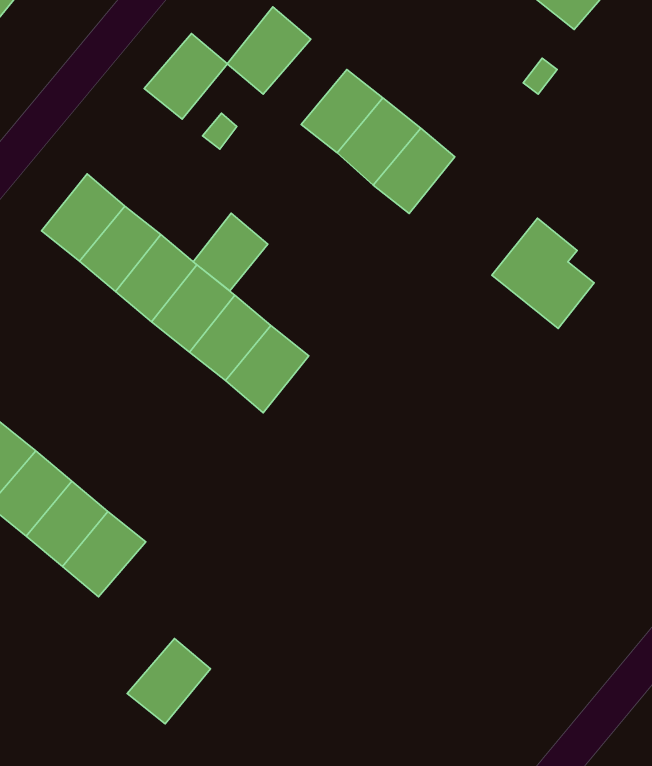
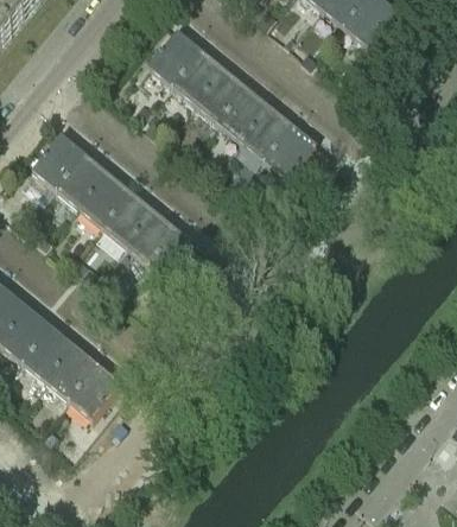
building: [144,34,228,119] -> [169,49,221,102]
building: [193,213,268,291] -> none
building: [492,218,594,328] -> [260,122,324,191]
building: [127,639,211,724] -> [65,363,118,417]

